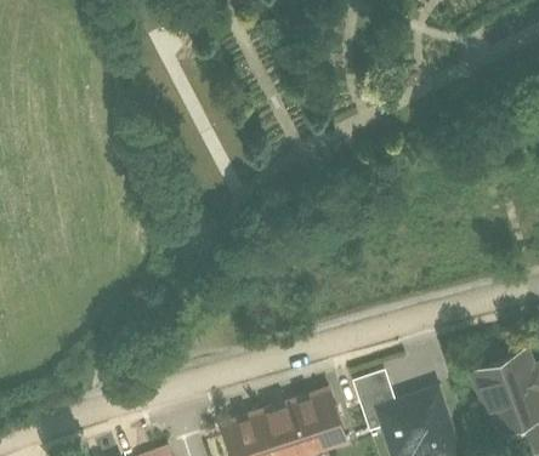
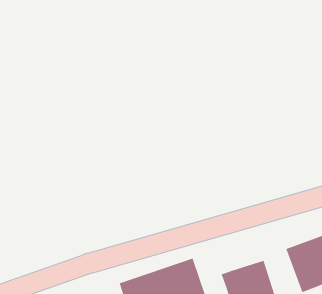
building: [352,372,395,434] -> none

